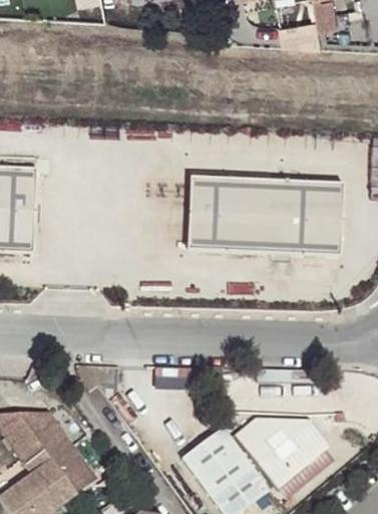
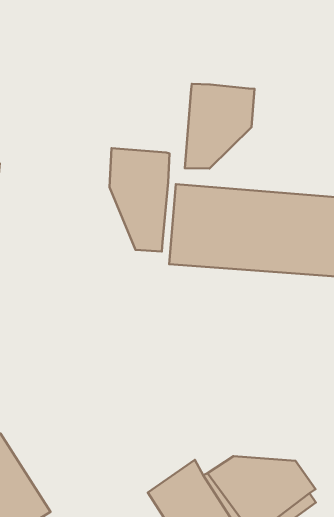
building: none -> [185,84,254,168]
building: none -> [110,148,170,251]

